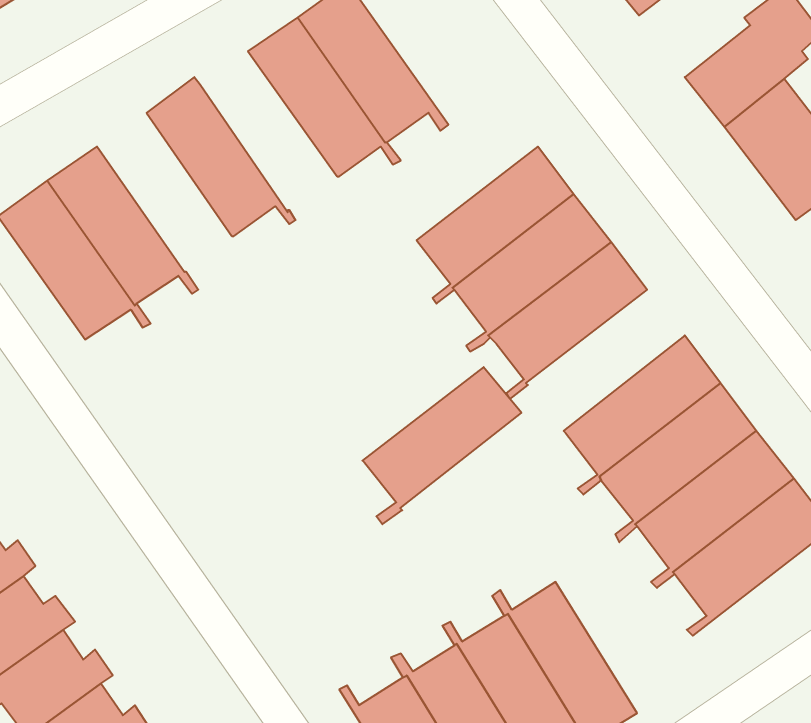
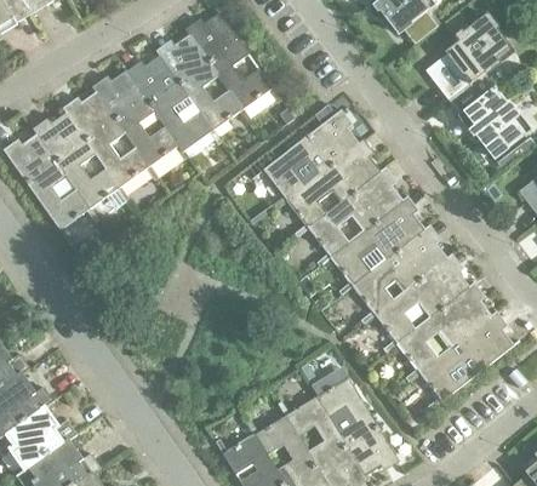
building: none -> [130,52,222,149]
building: none -> [67,90,159,187]
building: [362,367,521,524] -> [329,198,425,293]

